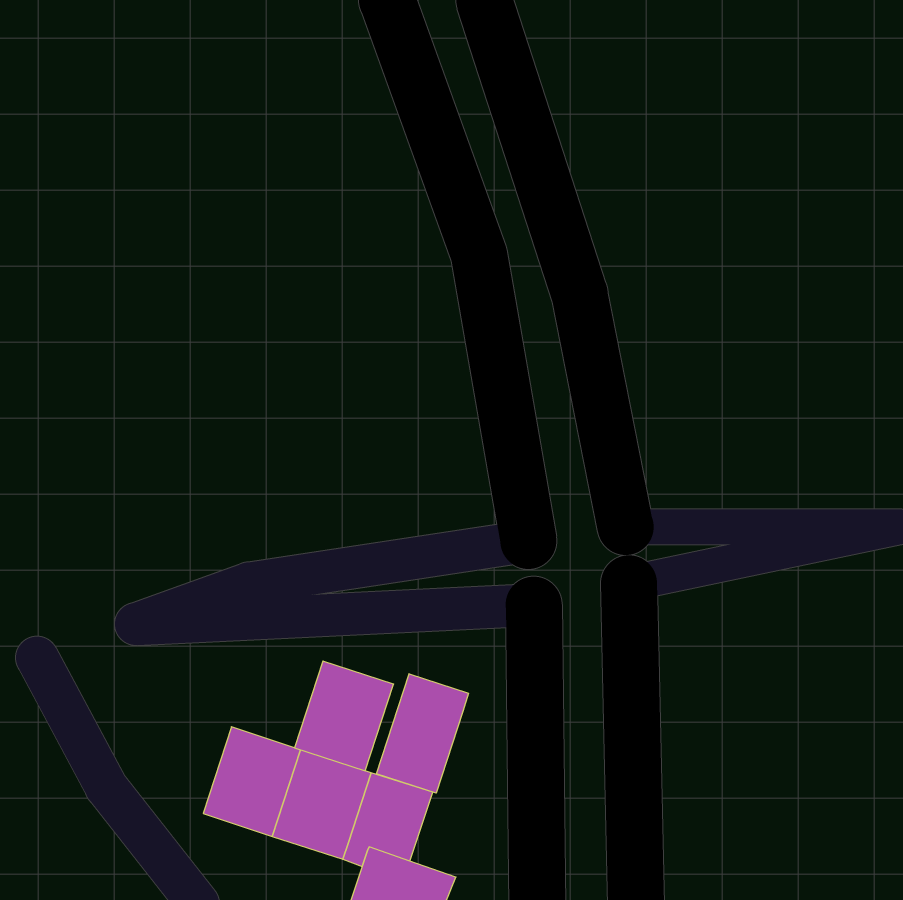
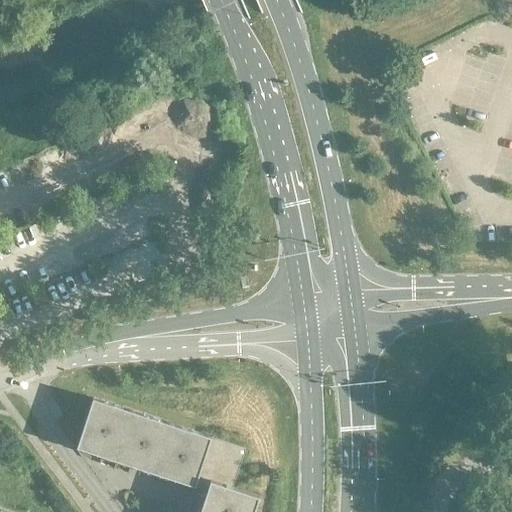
building: [295,661,394,771] -> [75,400,131,462]
building: [377,674,469,793] -> none

